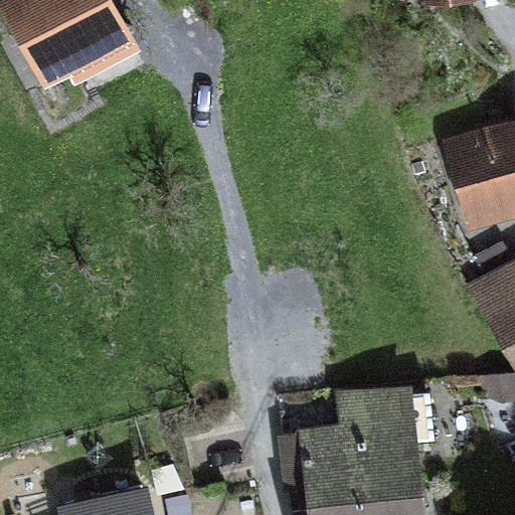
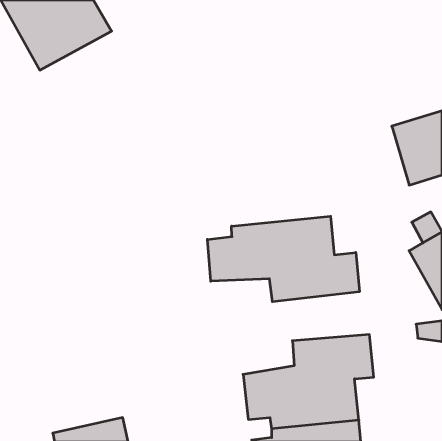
building: none -> [207,216,359,302]

